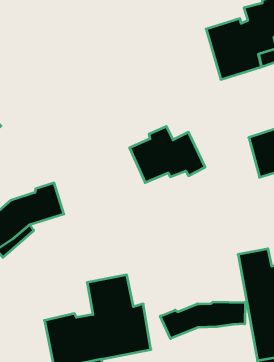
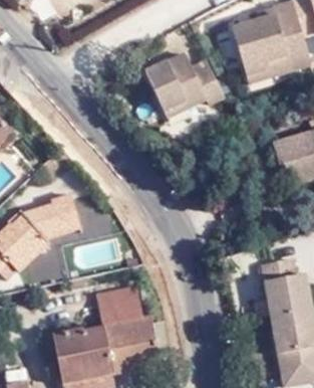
building: [130,126,205,183] -> [137,53,216,112]
building: [160,302,245,339] -> none

